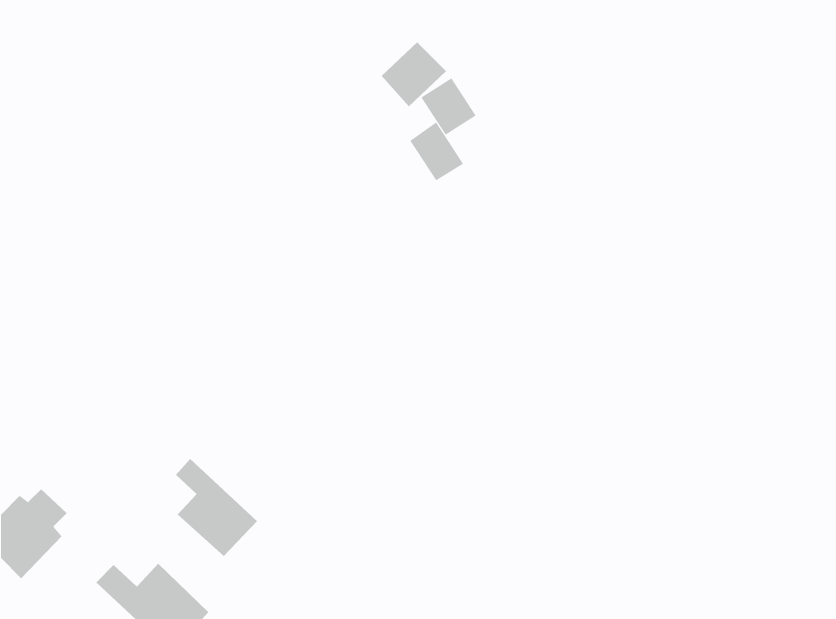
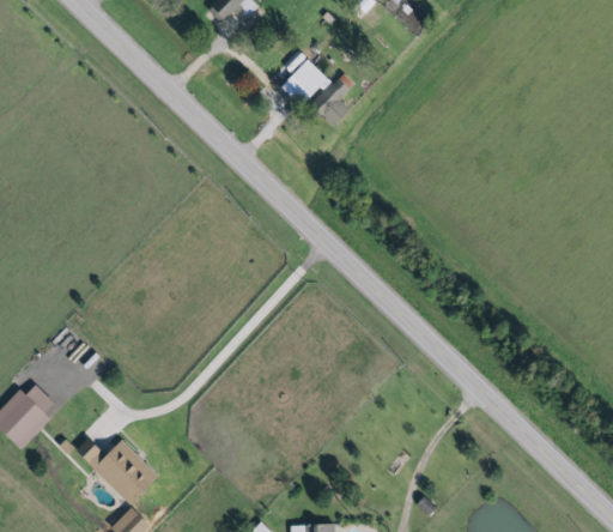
building: [410,121,464,181] -> none
building: [175,458,258,557] -> none

